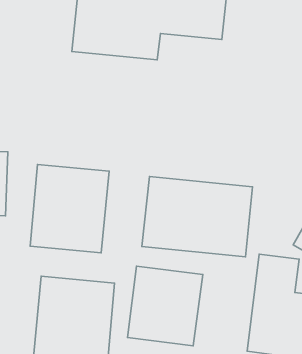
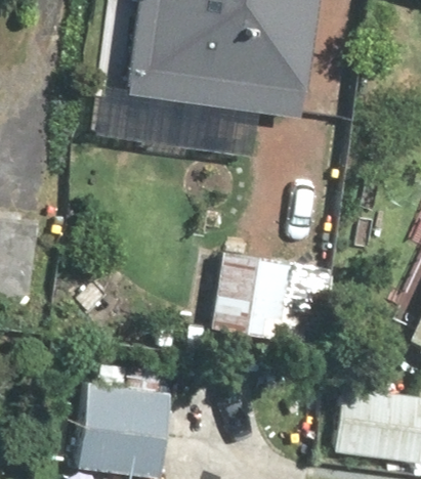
building: [30,164,109,253] -> none
building: [128,266,203,346] -> none

